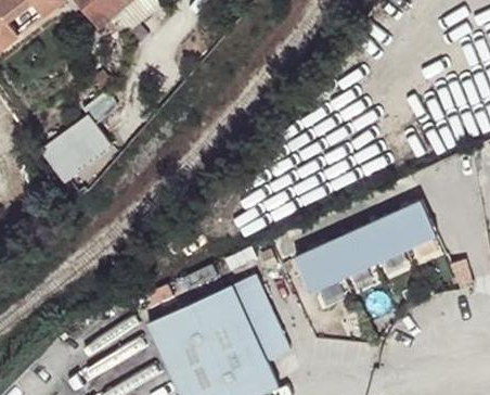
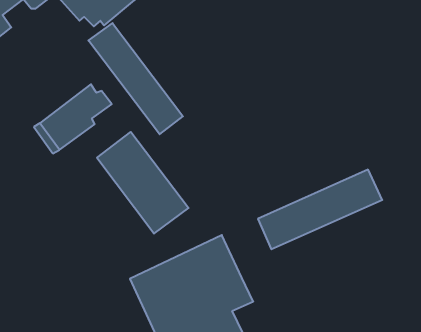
building: none -> [88,23,183,134]
building: none -> [97,132,189,234]

